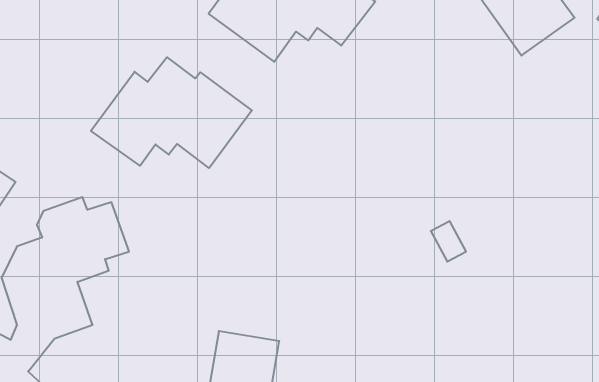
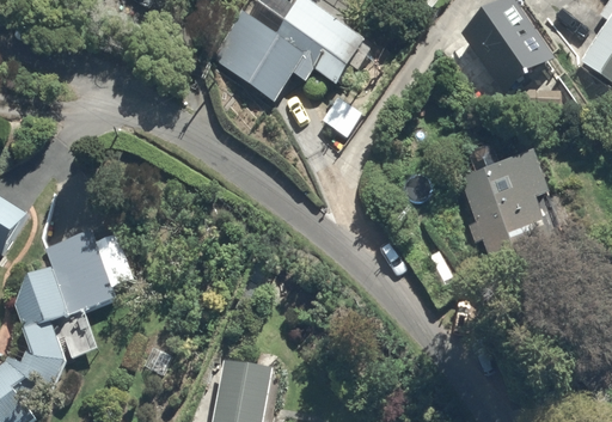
building: [91,57,252,168] -> none
building: none -> [459,149,559,285]

